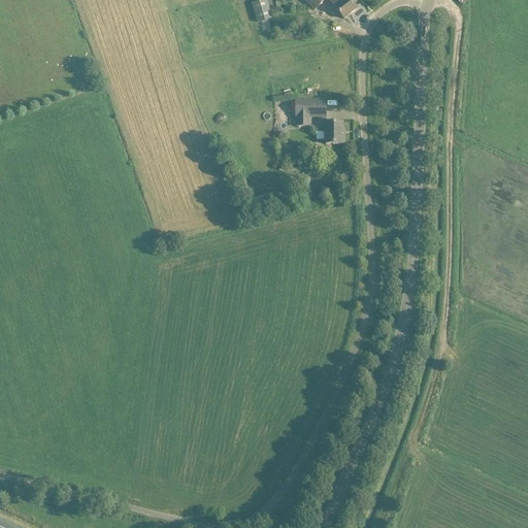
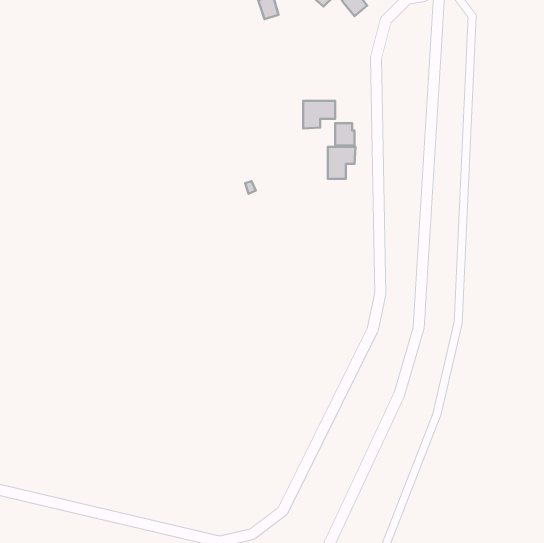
building: none -> [328,147,355,179]

